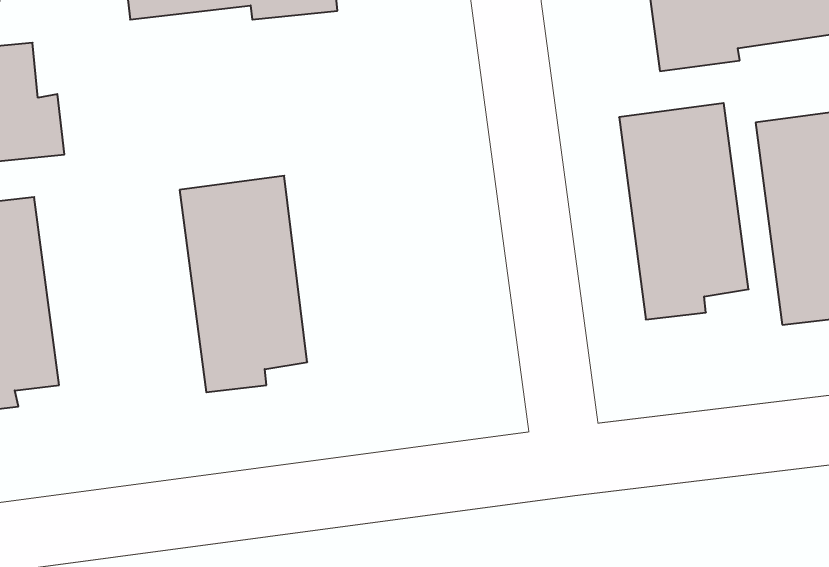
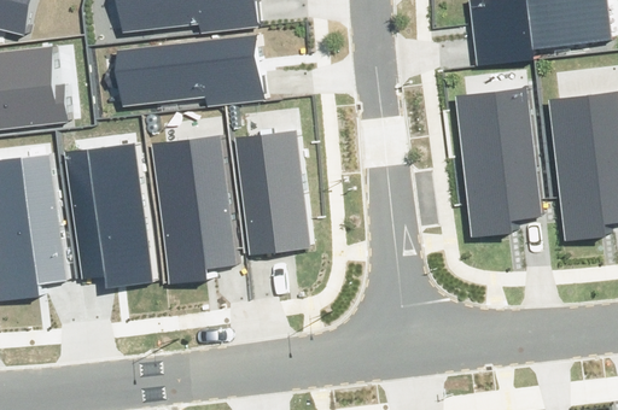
building: none -> [117,36,264,106]
building: none -> [240,133,310,252]
building: none -> [65,141,154,286]

